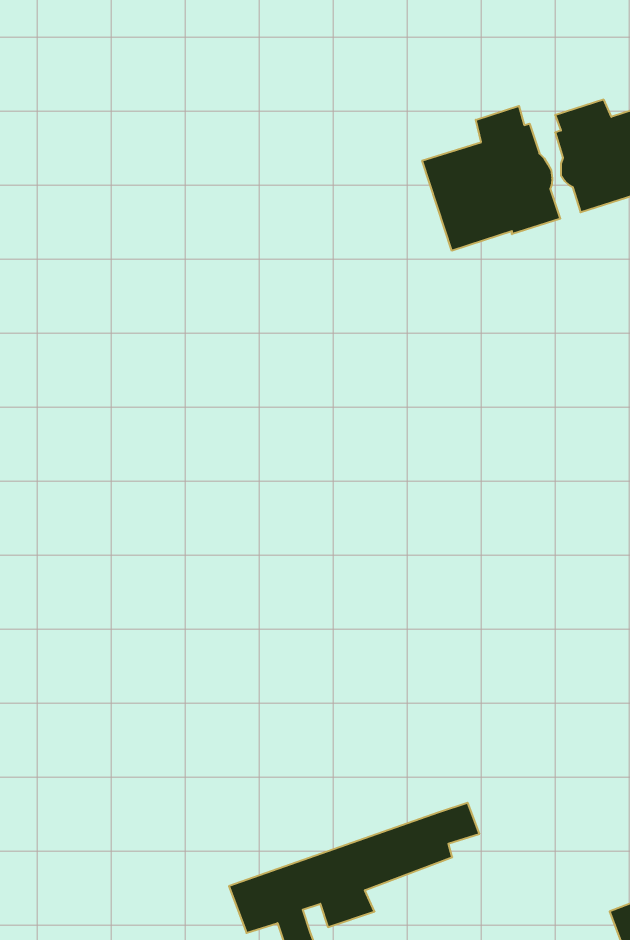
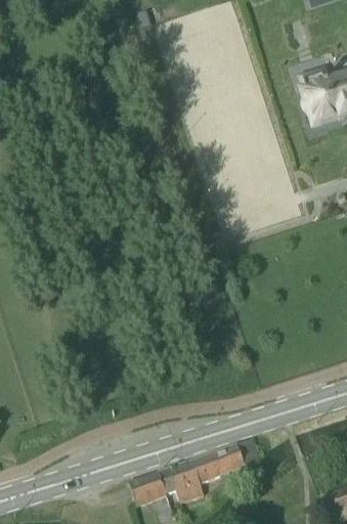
building: [422,106,560,251] -> none

